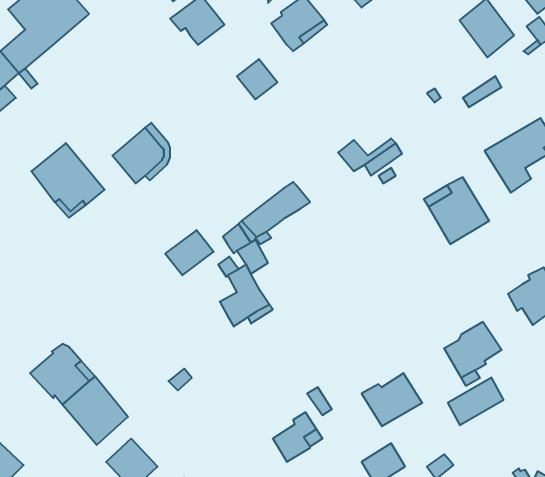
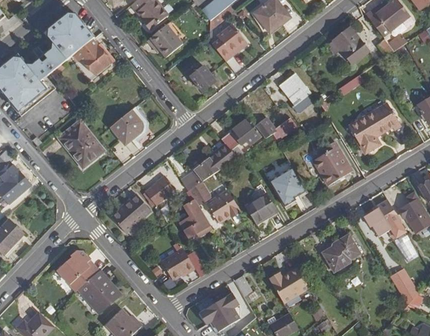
building: none -> [73,39,112,81]
building: none -> [281,73,312,111]
building: none -> [220,119,261,158]
building: none -> [264,160,306,209]
building: none -> [209,190,240,222]
building: none -> [245,193,276,224]
building: none -> [111,194,150,233]
building: none -> [161,249,194,279]
building: [448,377,503,425] -> none

